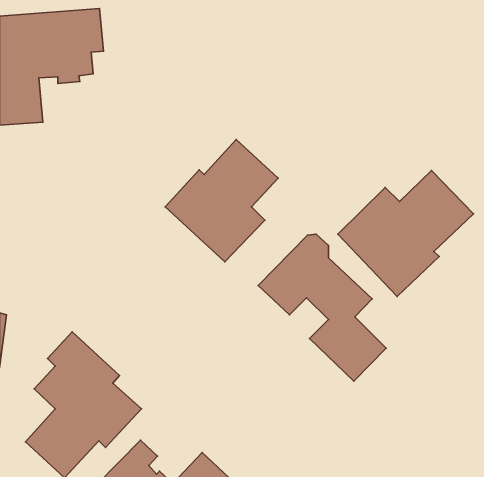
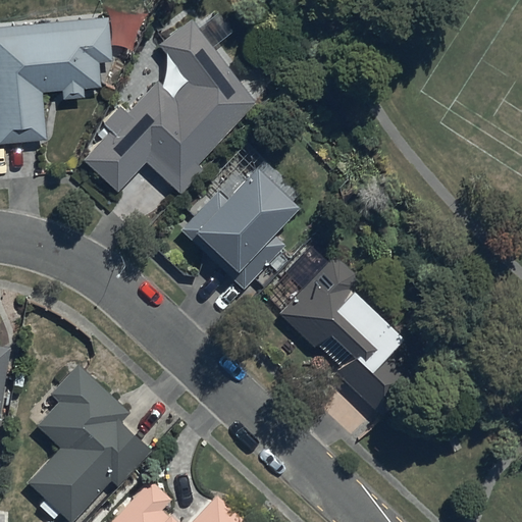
building: none -> [83,18,256,195]
building: [338,170,474,296] -> none

